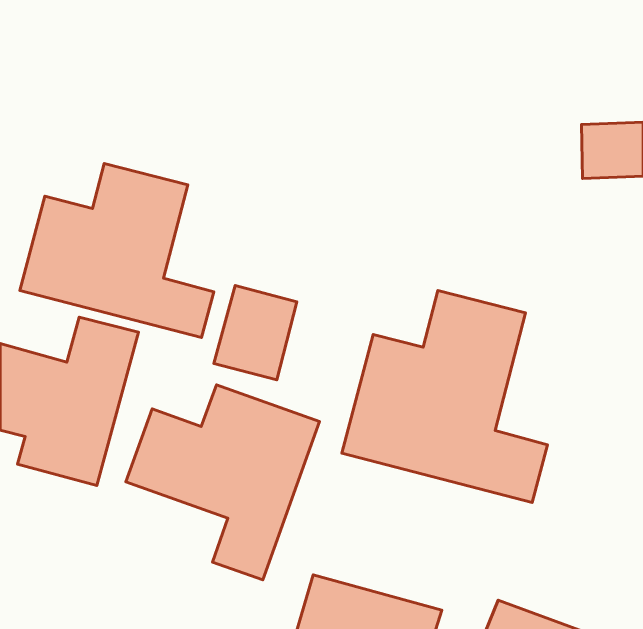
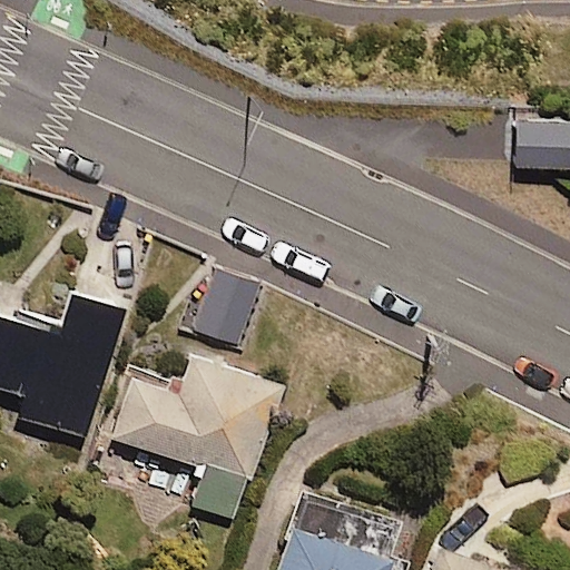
building: [20,163,214,338] -> none
building: [342,290,548,503] -> none

